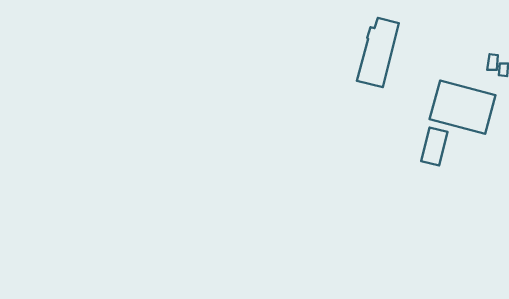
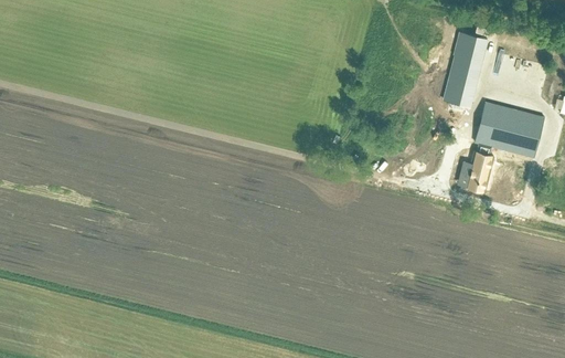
building: [357,18,399,87] -> [443,33,487,106]

